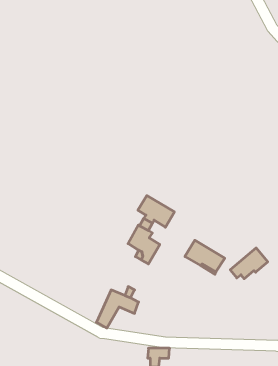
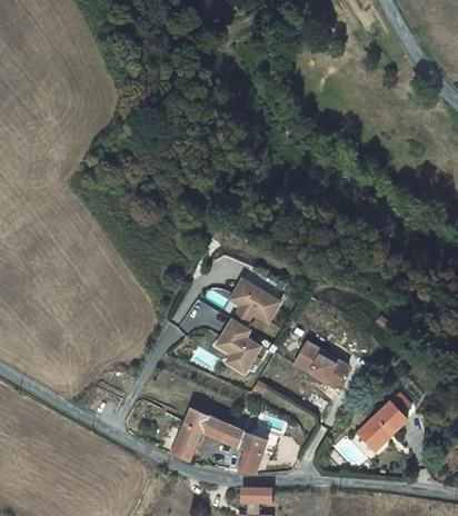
building: [230,248,268,279] -> [356,401,407,444]
building: none -> [225,425,268,472]

